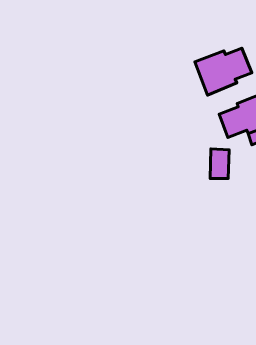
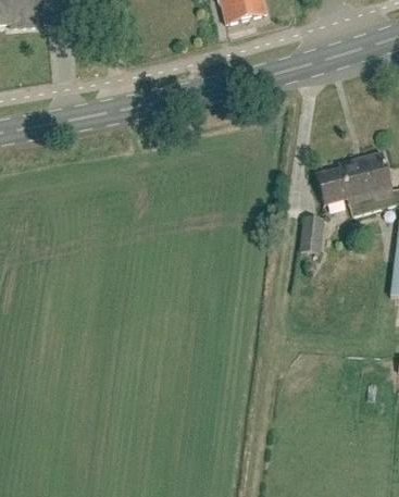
building: [195,48,252,95] -> none

